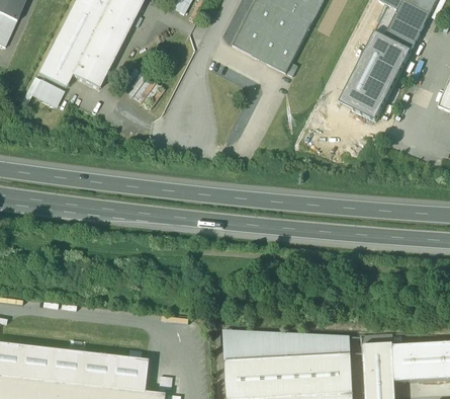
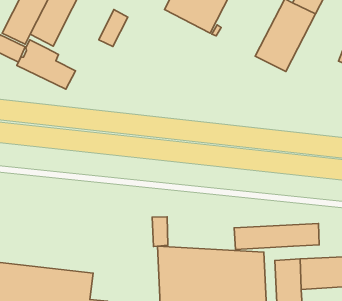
building: none -> [99,10,128,46]
building: none -> [17,40,75,89]
building: none -> [152,217,168,246]
building: none -> [234,224,319,249]

